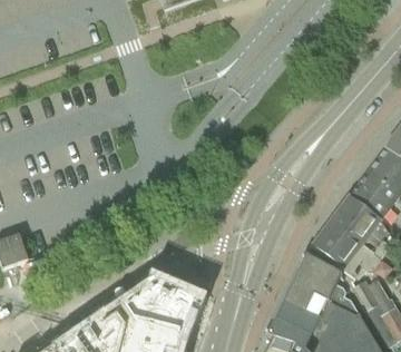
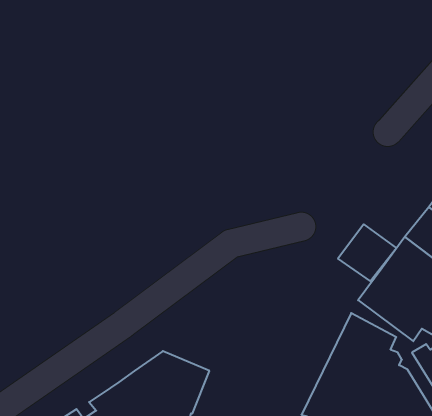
building: none -> [338,224,396,281]

